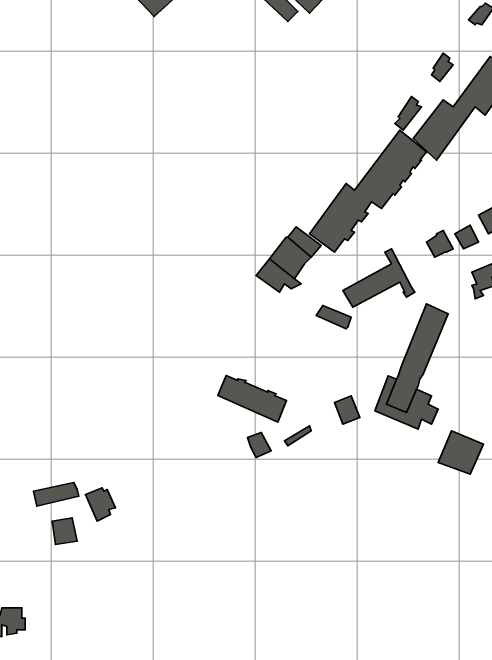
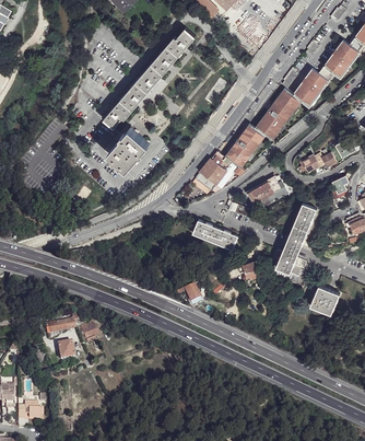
building: none -> [104,28,196,128]
building: none -> [108,128,149,170]
building: [218,375,286,422] -> [192,220,237,251]

